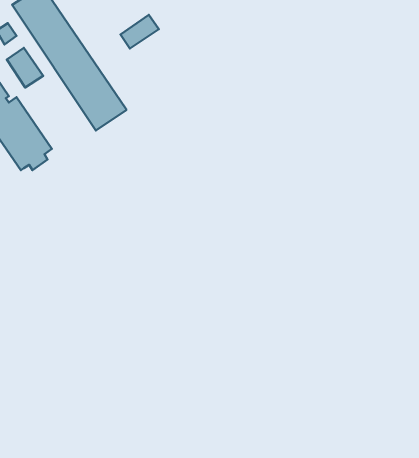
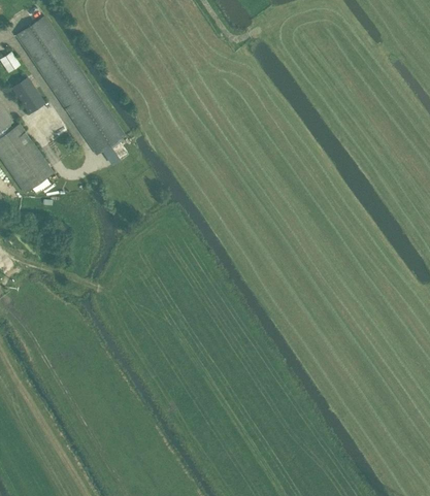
building: [120,15,159,49] -> none

